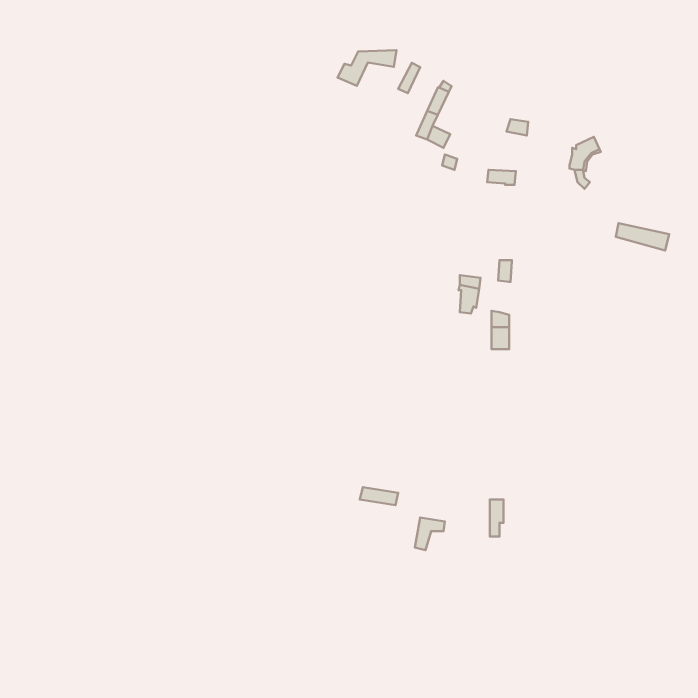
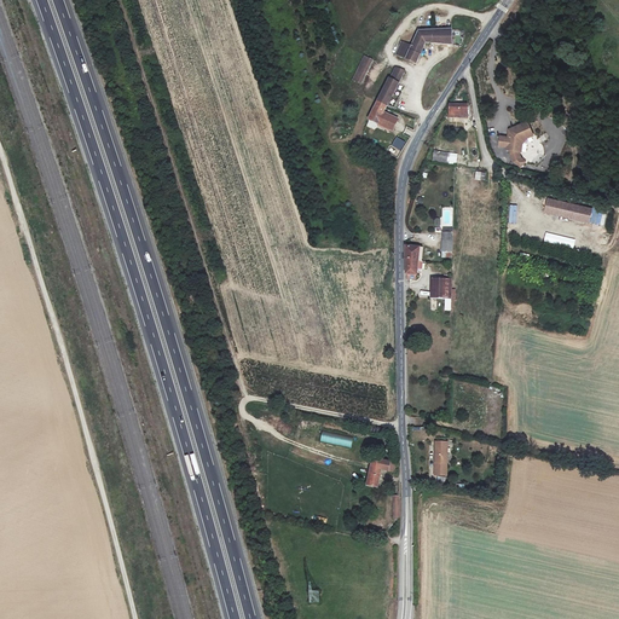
building: [338,50,396,86] -> [399,29,451,60]

